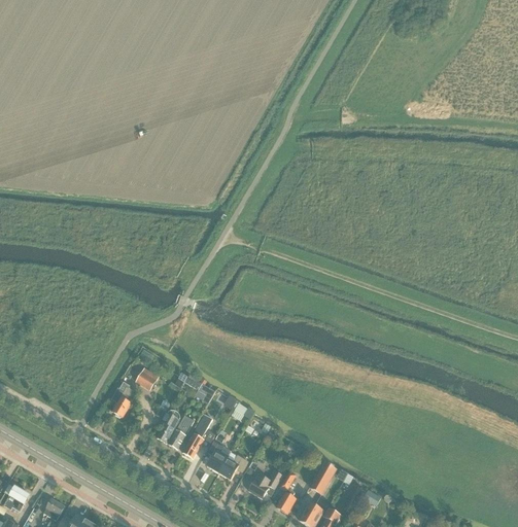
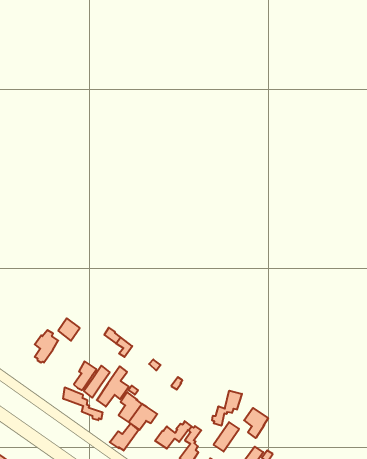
building: none -> [212,391,242,426]
building: none -> [63,387,103,420]
building: none -> [244,408,268,438]
building: none -> [110,423,139,451]

